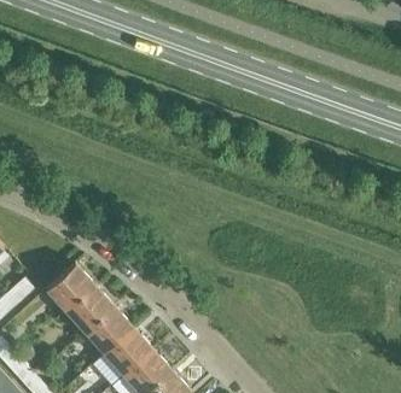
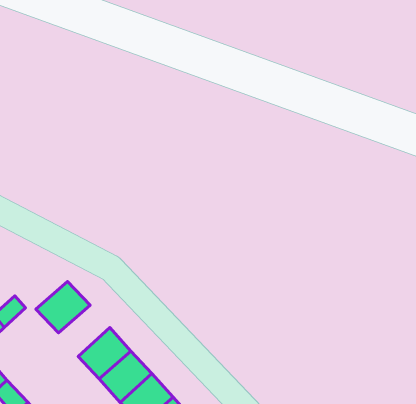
building: [65,286,112,333] -> none

